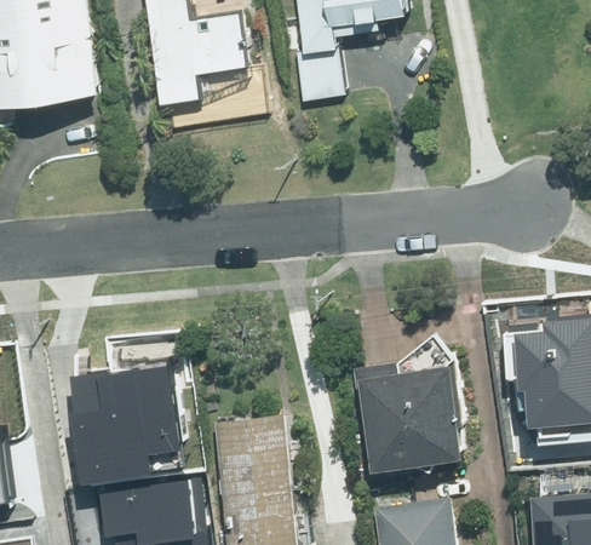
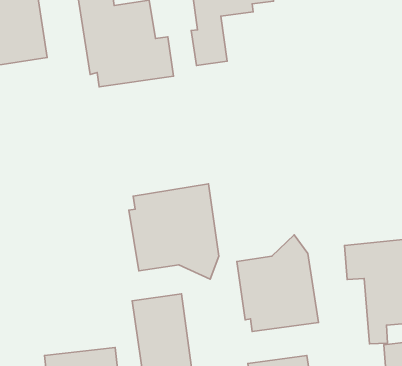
building: none -> [129,184,219,279]
building: [51,373,172,492] -> none

